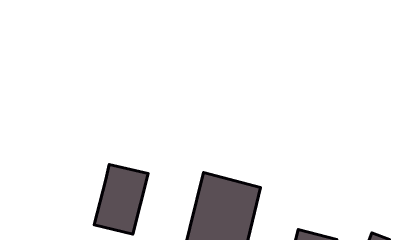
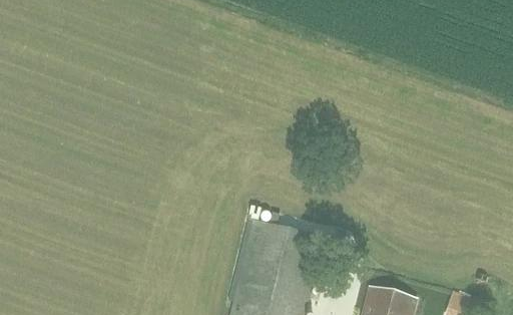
building: [94,164,148,234] -> none

